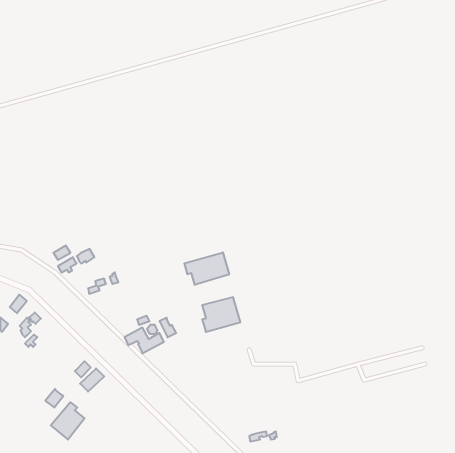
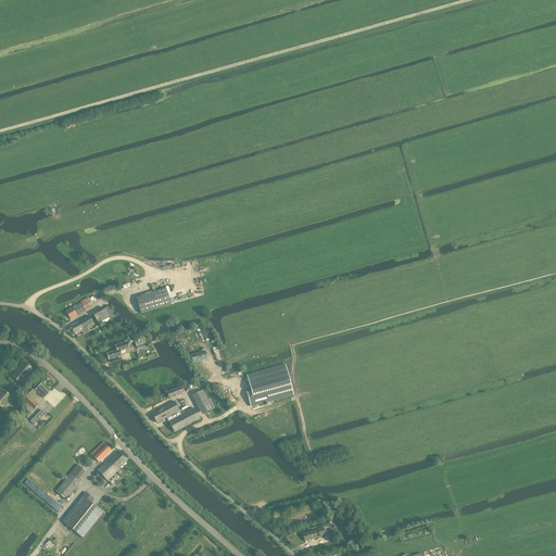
building: none -> [136,287,170,312]
building: [184,252,229,285] -> none

